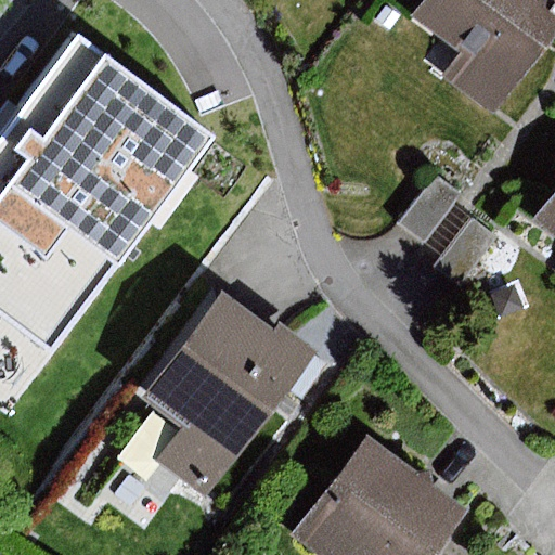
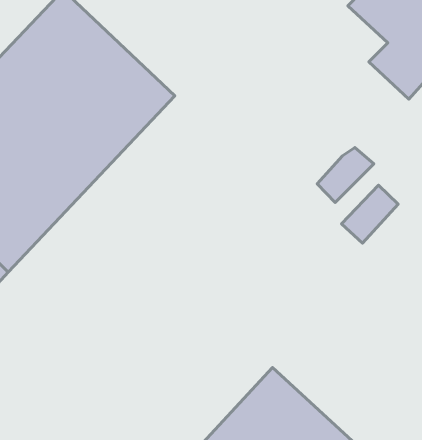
building: [139,293,315,496] -> none

